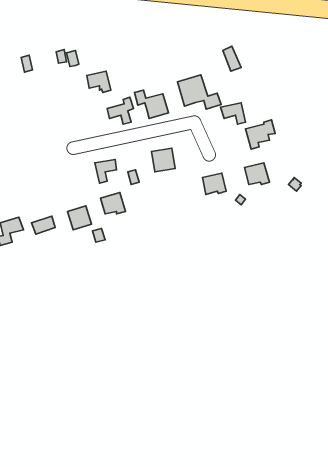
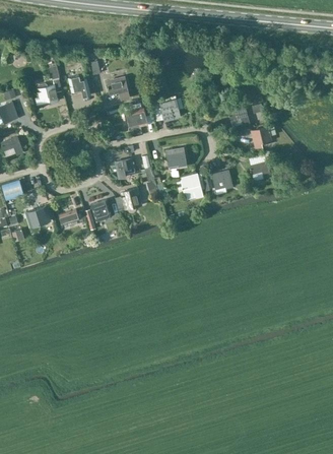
building: none -> [68,74,90,98]
building: [177,75,221,109] -> none
building: none -> [36,82,59,106]
building: none -> [180,173,203,200]

